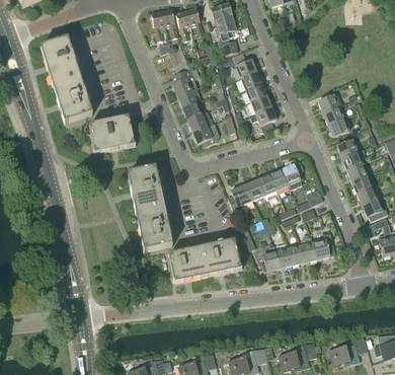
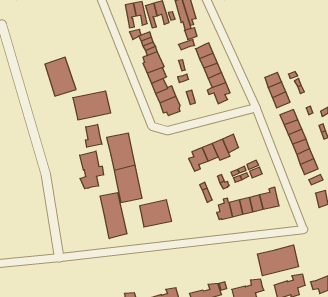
building: [42,39,79,84] -> none
building: none -> [85,124,102,147]
building: [281,161,302,190] -> none
building: none -> [80,151,104,189]
building: none -> [100,193,127,239]
building: [201,240,239,273] -> none
building: none -> [258,245,298,276]

